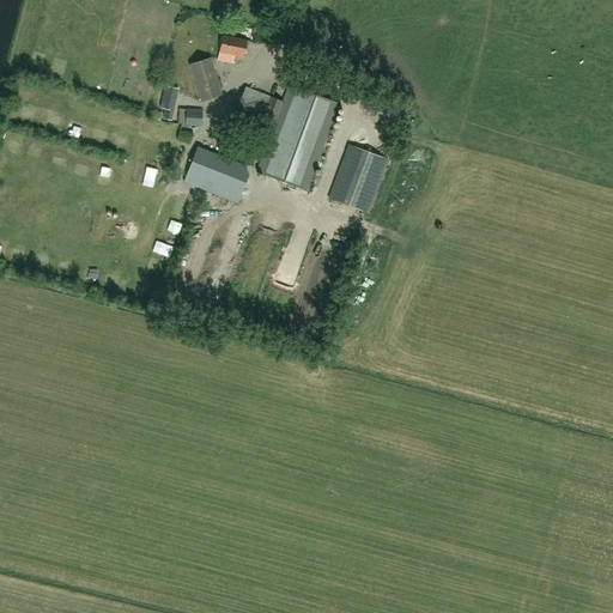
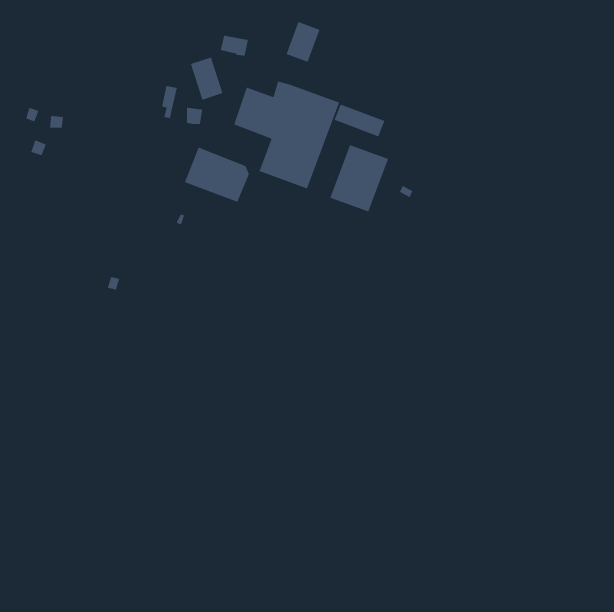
building: none -> [285,21,320,63]
building: none -> [333,103,385,137]

